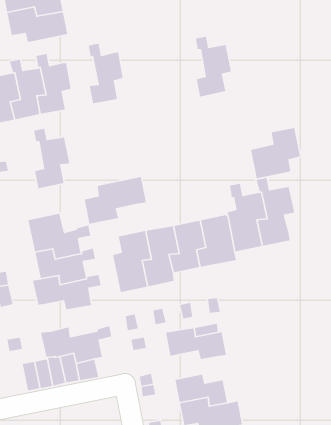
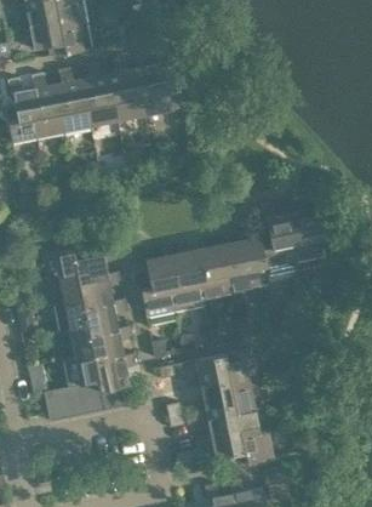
building: [195,36,232,97] -> [139,52,178,116]
building: [250,127,301,179] -> none
building: [33,128,70,189] -> [85,63,124,127]
building: [84,176,147,224] -> none
building: none -> [68,326,132,365]
building: none -> [199,380,254,414]

